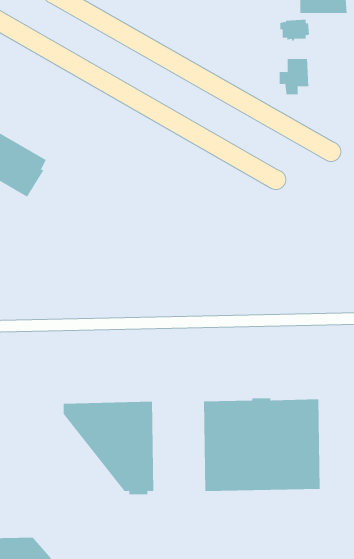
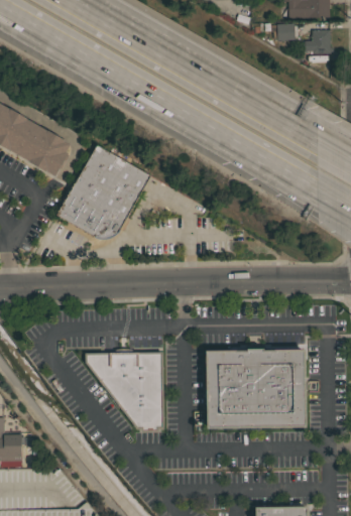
building: [279,59,309,95] -> [305,30,331,61]
building: none -> [56,145,151,240]

